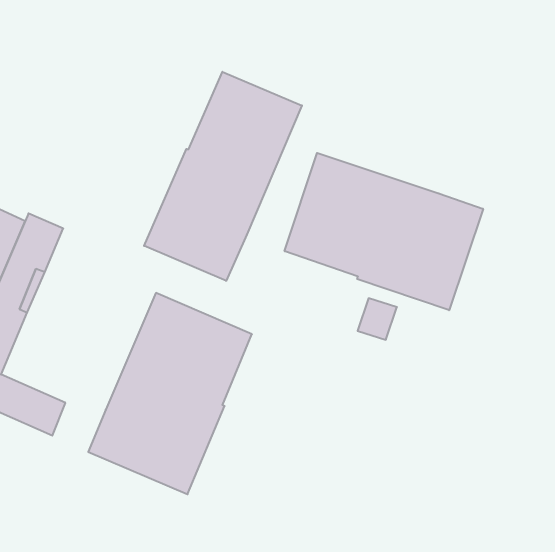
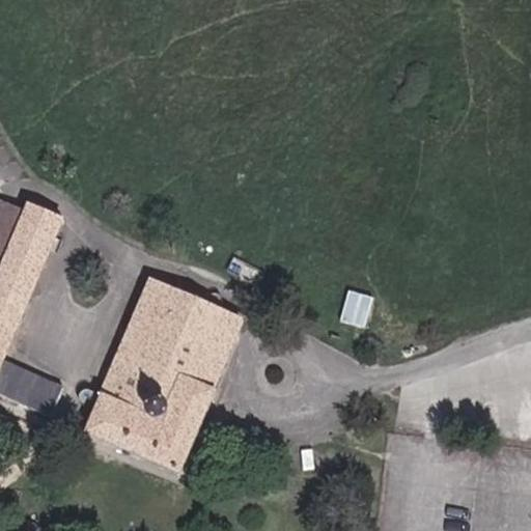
building: [144,72,302,281] -> none
building: [285,153,483,310] -> none

